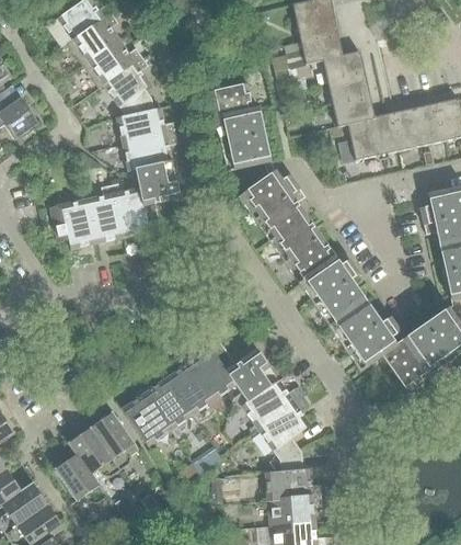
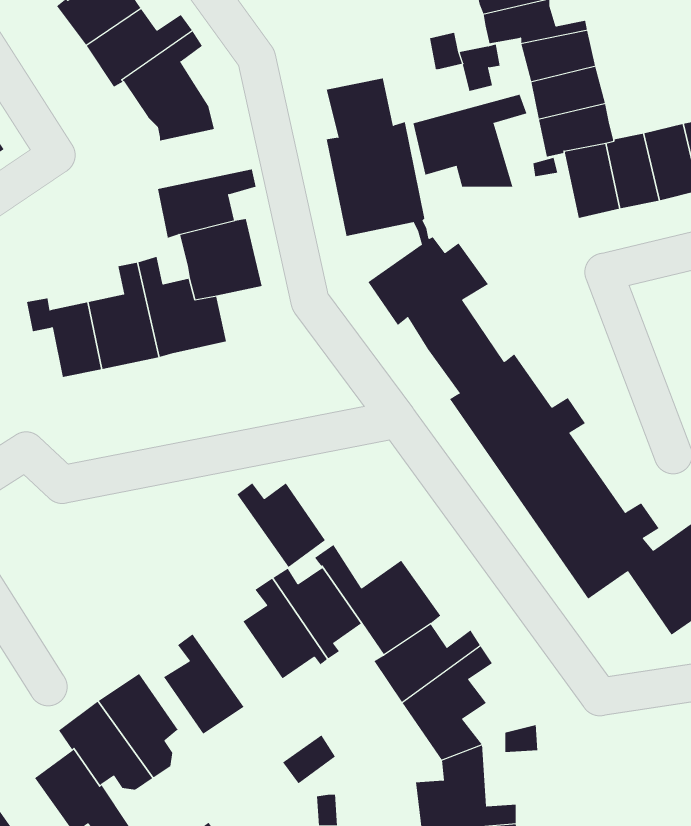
building: none -> [413,94,527,188]
building: [117,110,175,143] -> none
building: [142,382,192,429] -> [237,483,326,568]

